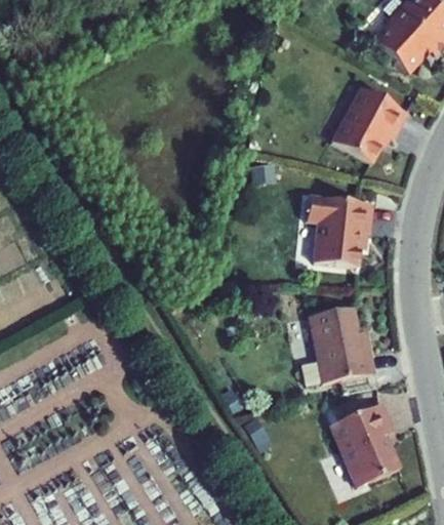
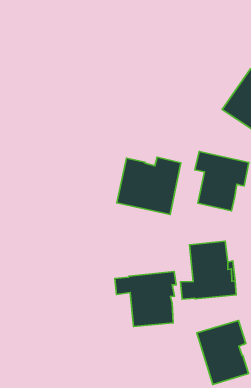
building: none -> [117,157,181,214]
building: none -> [115,272,176,327]

